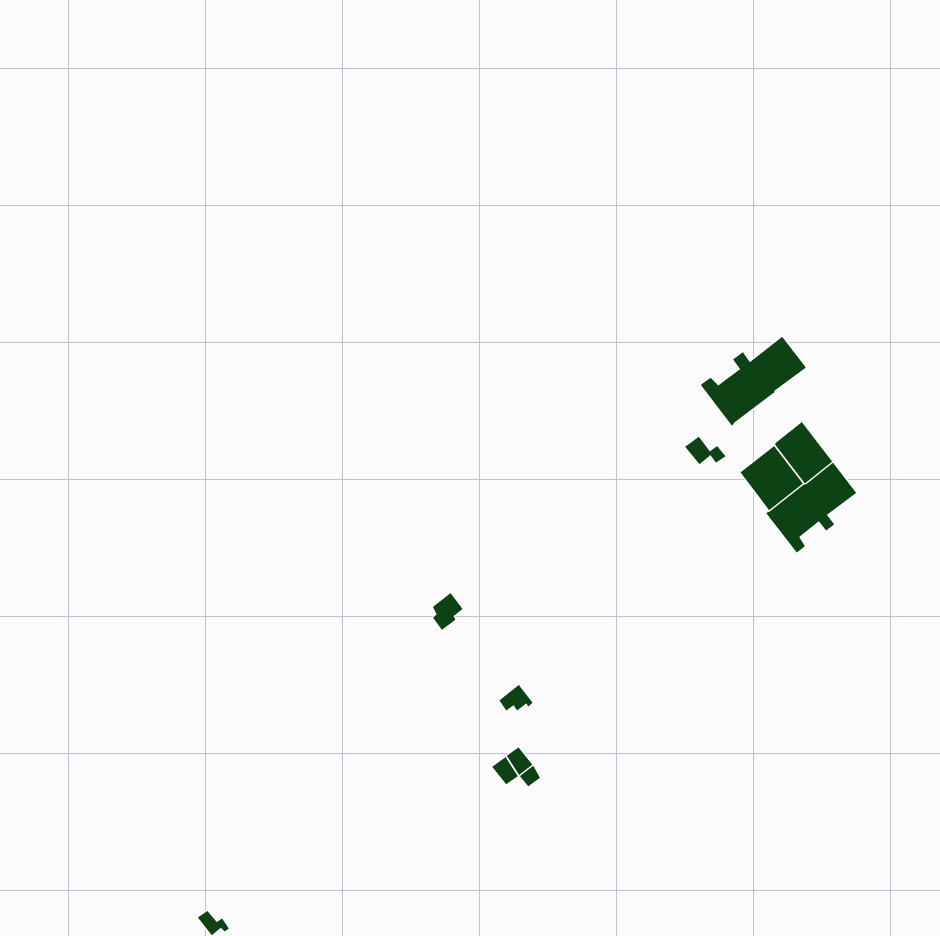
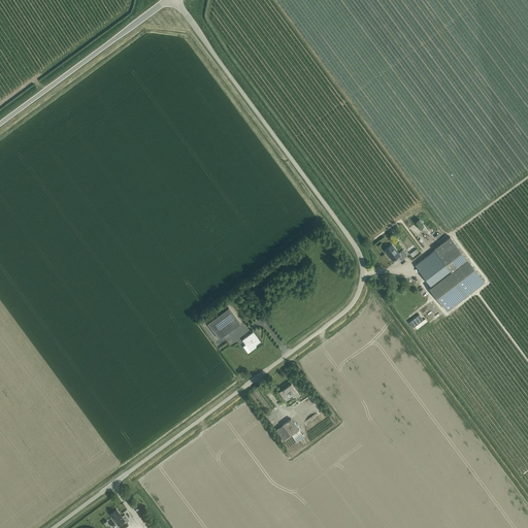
building: [700,336,807,426] -> none
building: none -> [207,310,240,341]

